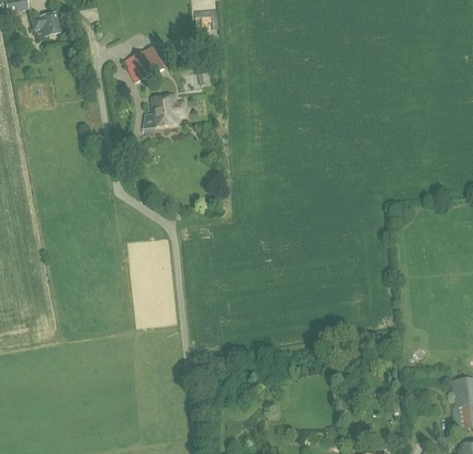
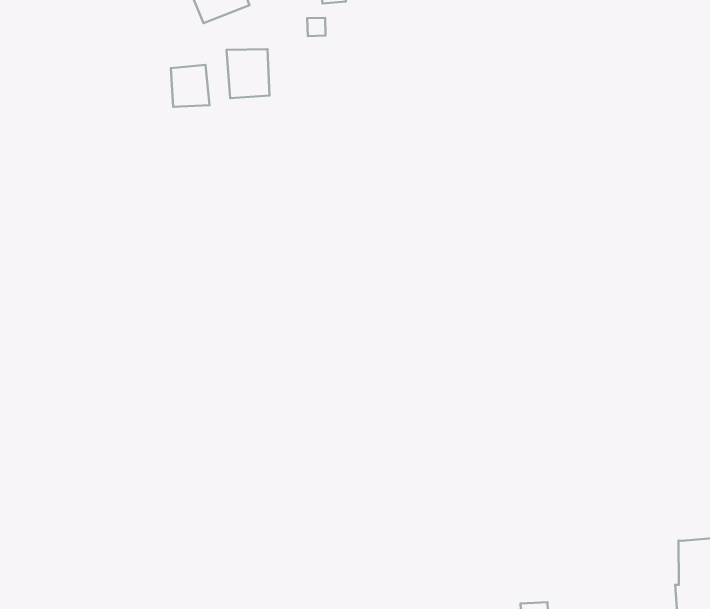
building: none -> [171,65,209,107]

